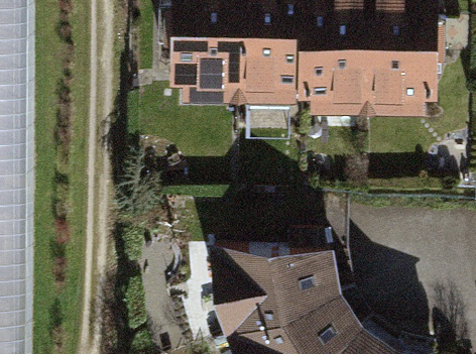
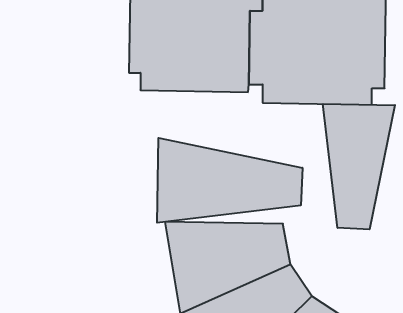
building: none -> [323,104,395,229]
building: none -> [157,138,302,223]

